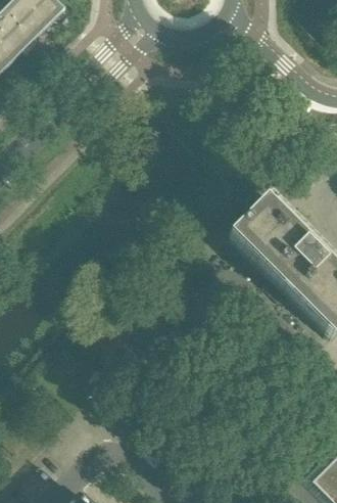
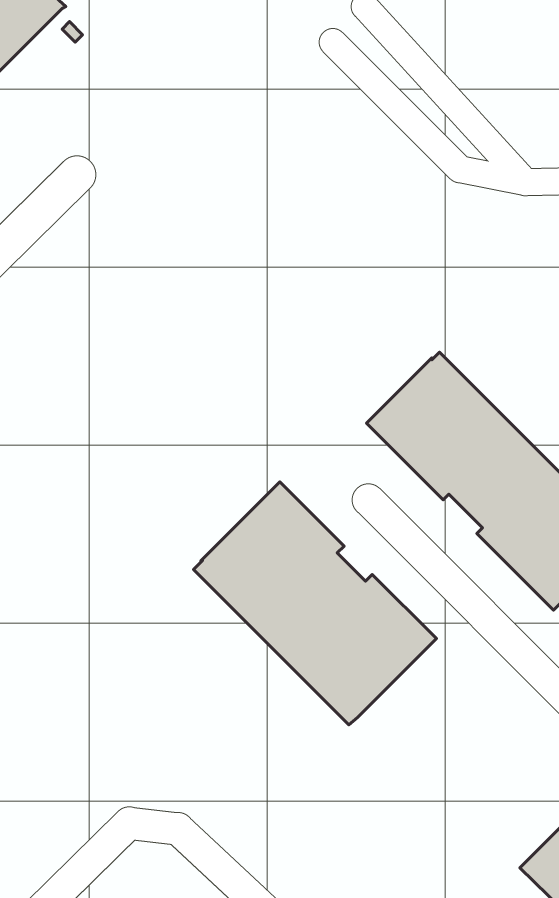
building: none -> [194,482,436,725]

